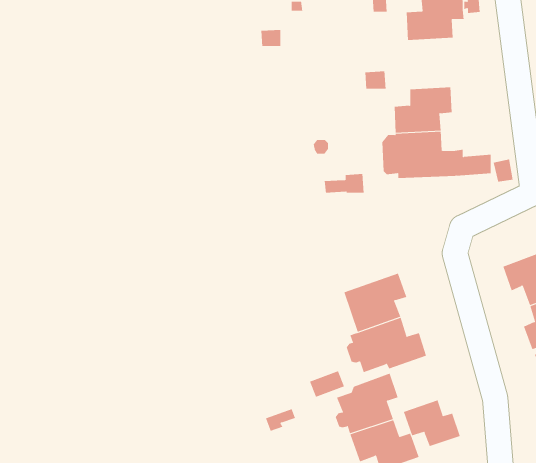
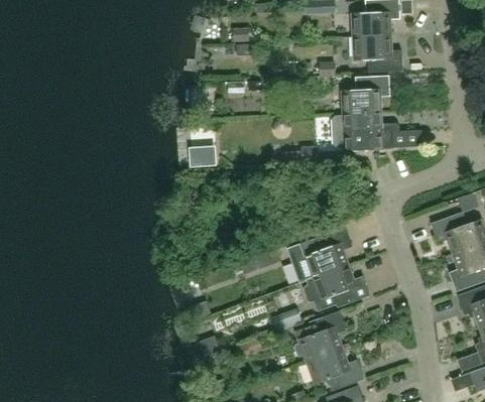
building: none -> [352,34,402,73]
building: [403,400,461,447] -> none

